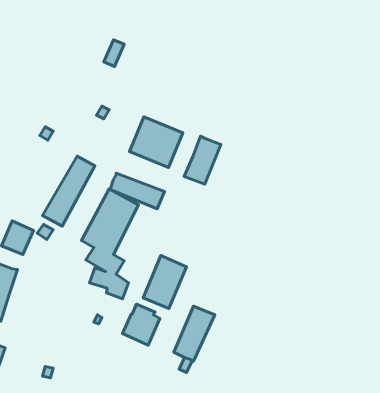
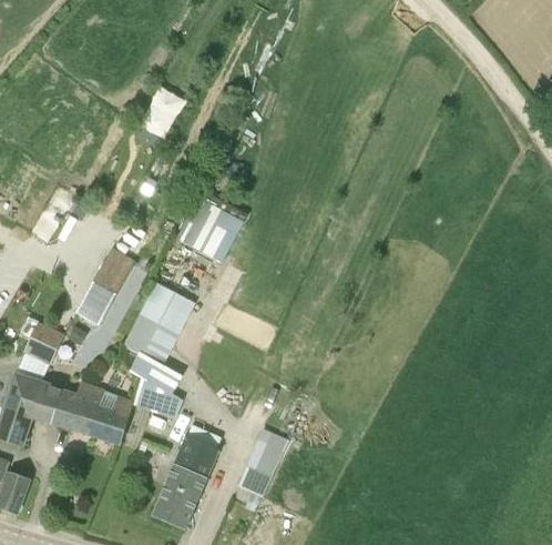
building: [184,136,221,184] -> none
building: [110,173,164,209] -> none
building: [143,255,187,309] -> [151,464,205,531]
building: none -> [31,383,132,444]

